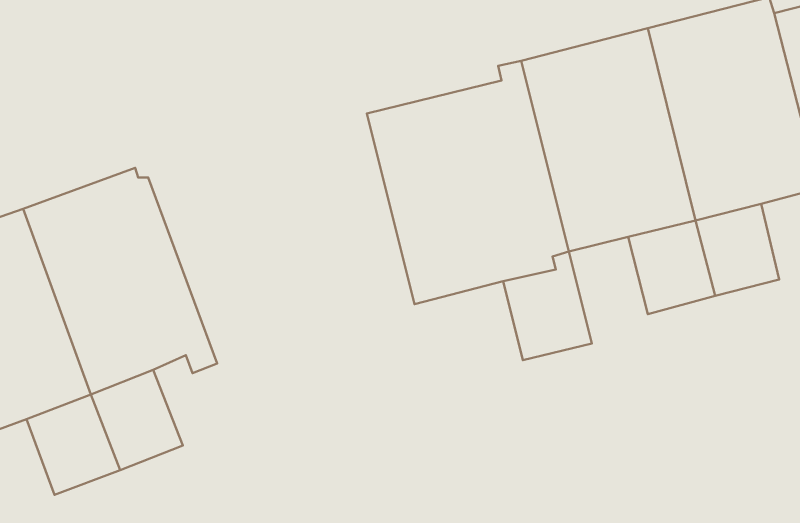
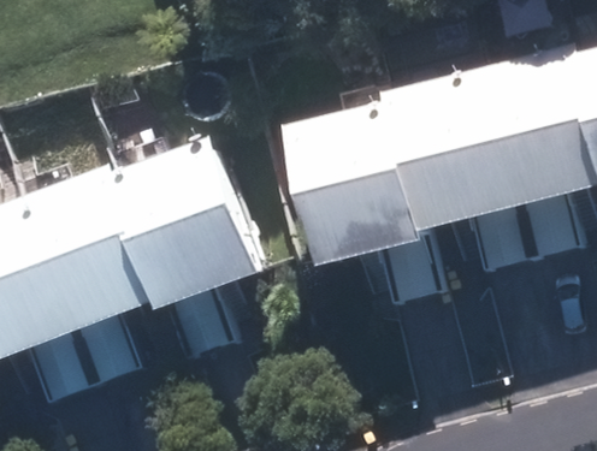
building: none -> [119,138,261,361]

